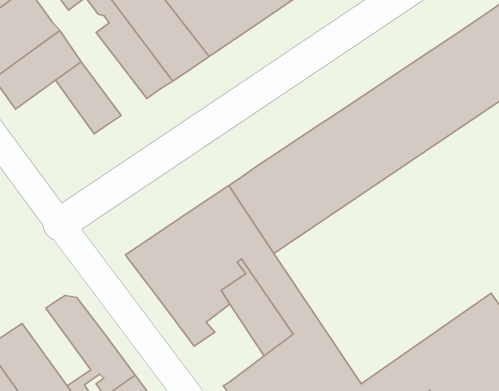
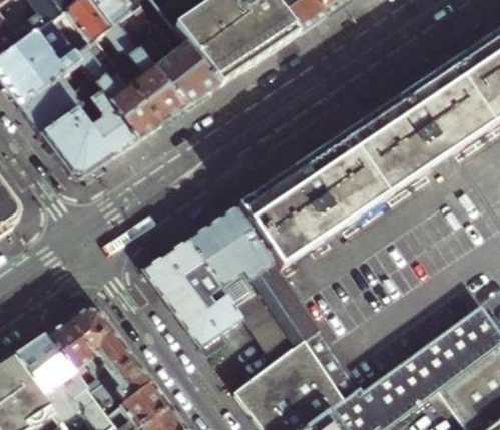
building: none -> [73,43,161,139]
building: none -> [39,106,112,177]
building: none -> [45,319,109,391]

